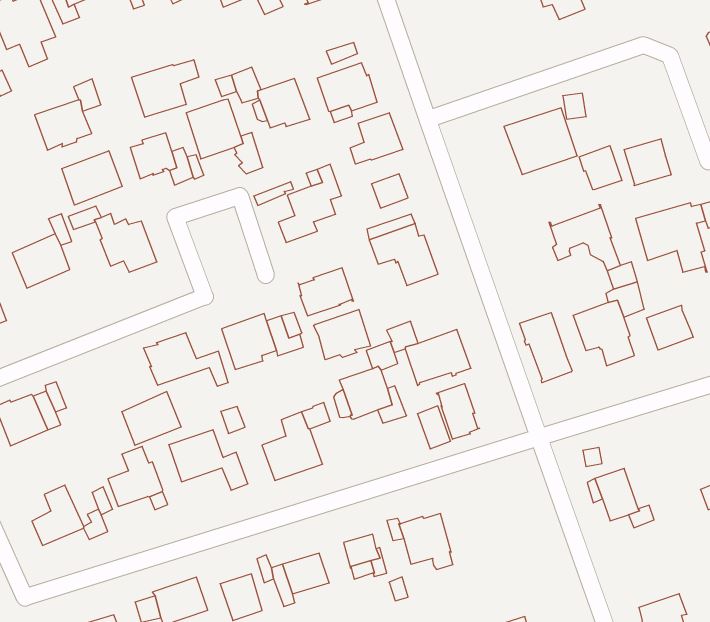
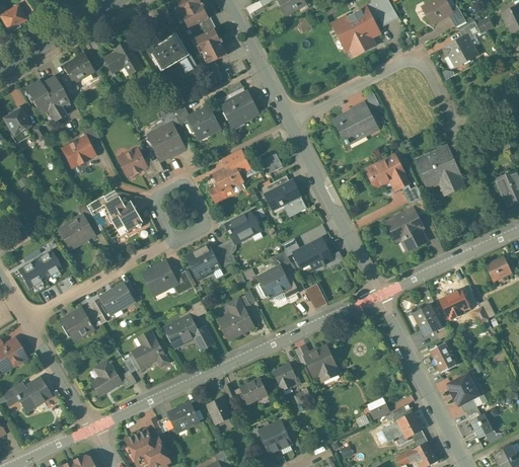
building: [131,60,199,117] -> none
building: [350,113,403,164] -> none
building: [624,139,671,186] -> none
building: [579,146,622,190] -> none
building: [62,151,122,205] -> none
building: [646,305,693,350] -> none
building: [314,309,370,360] -> none
building: [519,313,572,383] -> none
building: [436,384,480,439] -> none
building: [122,392,181,445] -> [99,282,135,315]
building: none -> [439,290,468,319]
building: none -> [429,340,459,373]

